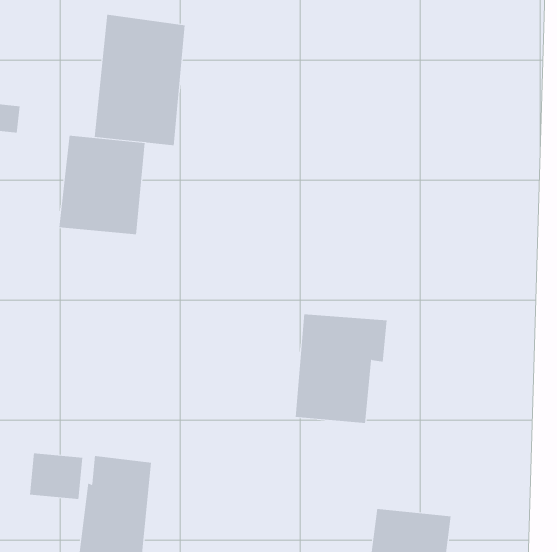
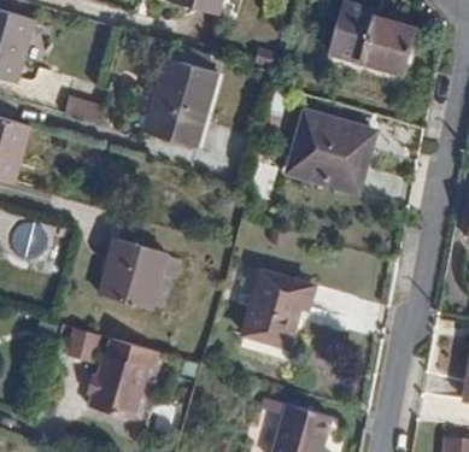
building: none -> [288,112,364,190]
building: [58,135,146,235] -> [99,239,164,310]

